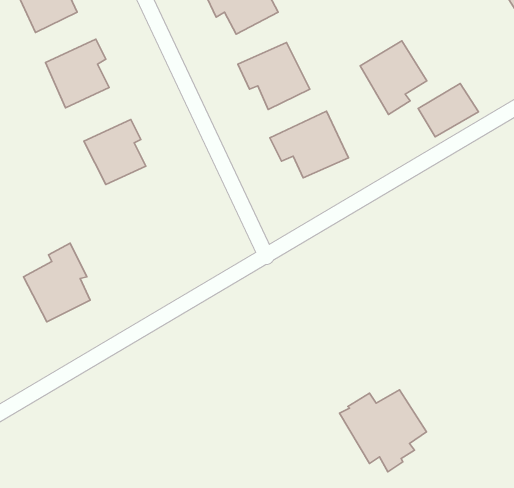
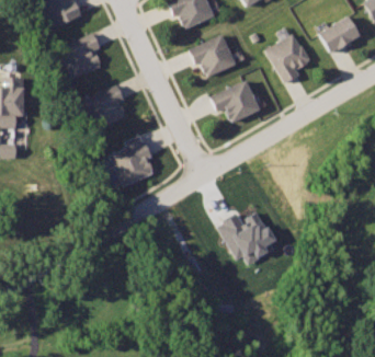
building: [418,83,479,137] -> [319,18,359,53]
building: [23,243,90,322] -> [111,135,155,186]
building: [339,390,426,472] -> [217,211,274,265]

